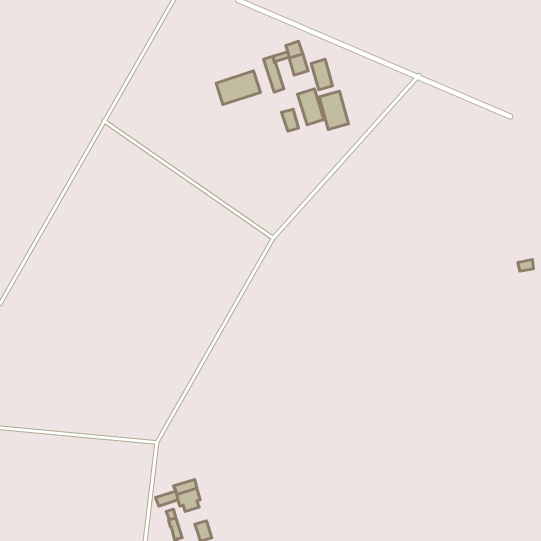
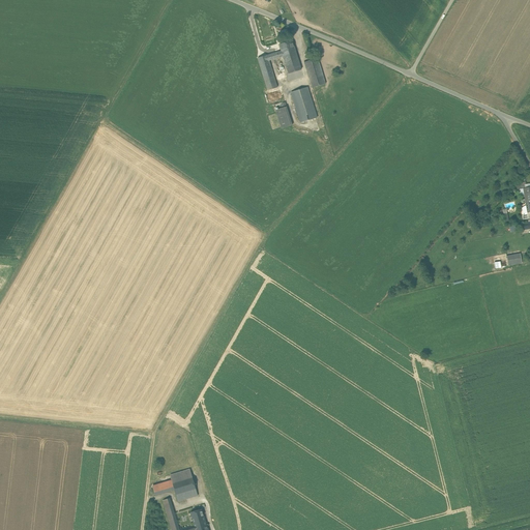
building: [216,71,261,104] -> none
building: [319,91,349,129] -> none

